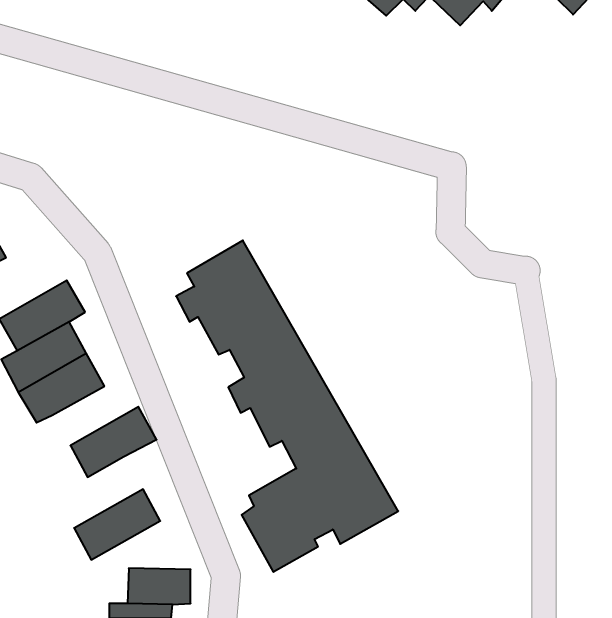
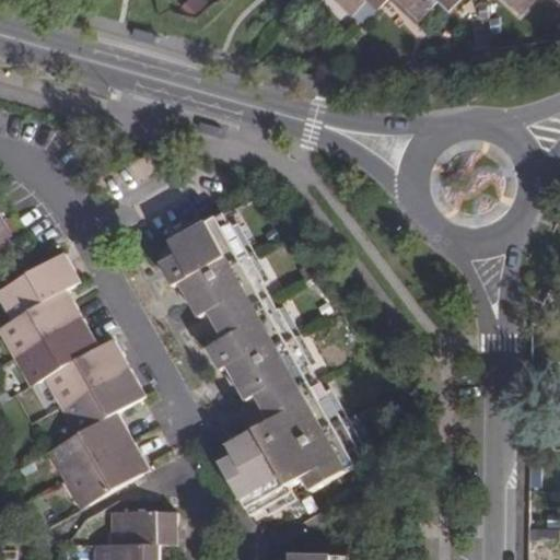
building: none -> [47,339,125,401]
building: none -> [50,411,129,476]

